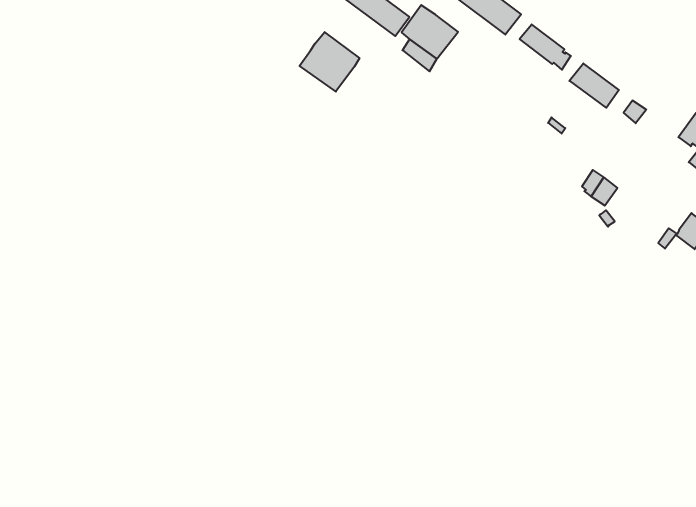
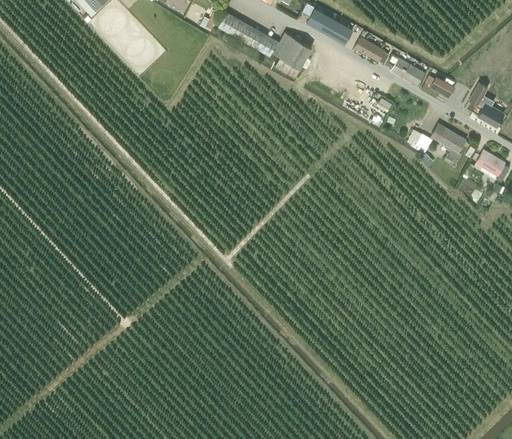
building: [300,32,359,92] -> none
building: none -> [431,123,466,152]

